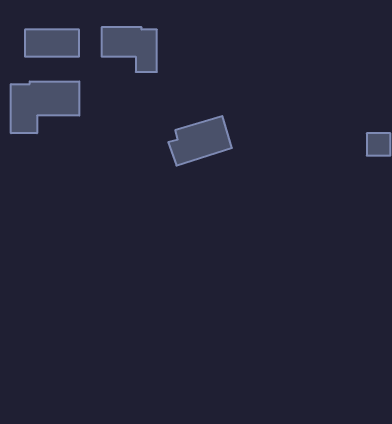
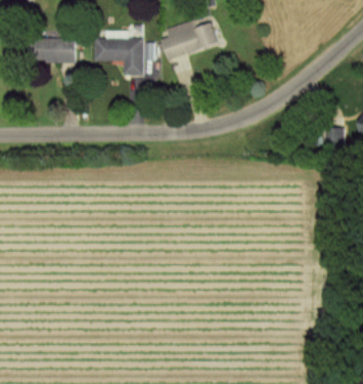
building: [11,81,79,133] -> none
building: [168,116,232,166] -> [161,17,216,60]

